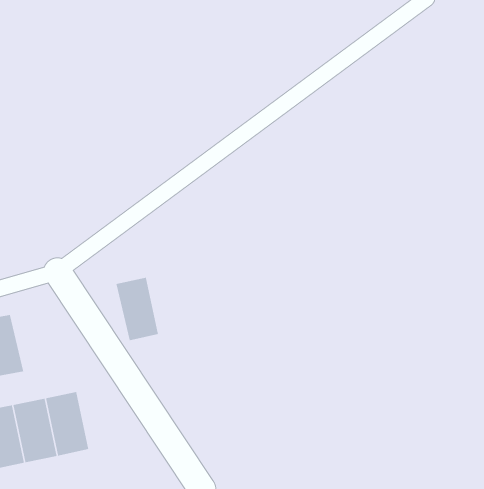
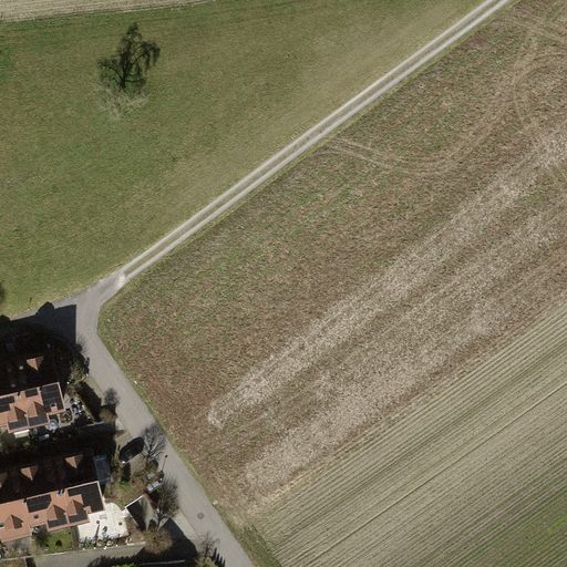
building: [116,277,159,341] -> [12,354,62,429]

